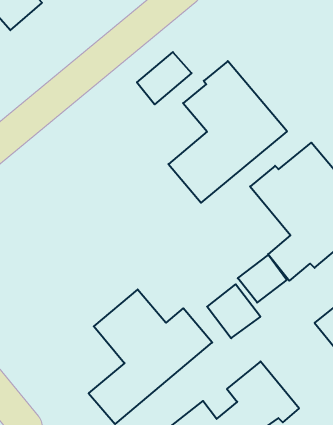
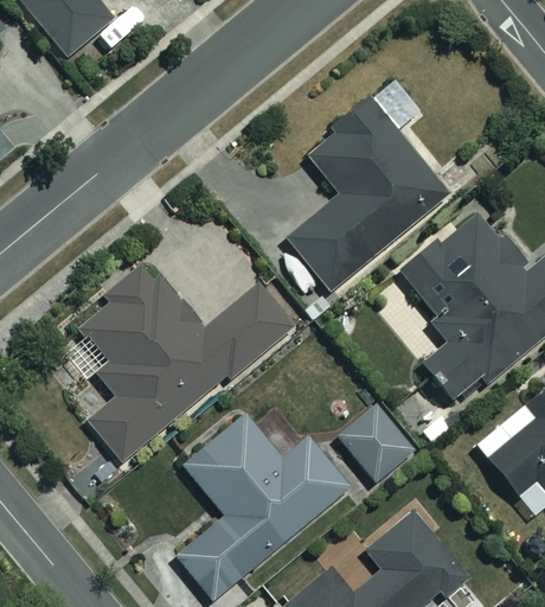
building: [137,52,192,104] -> none
building: none -> [78,260,294,461]
building: [238,255,287,303] -> none

